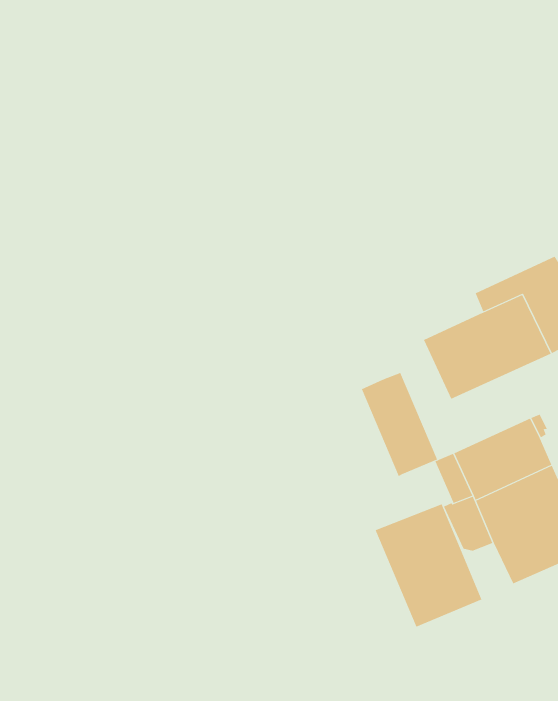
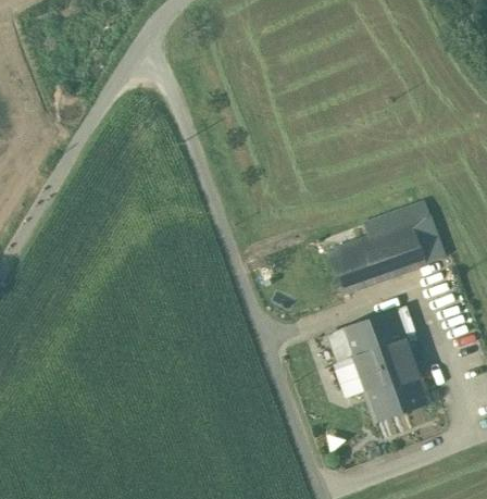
building: [361,372,438,477] -> none
building: [375,503,482,627] -> none

